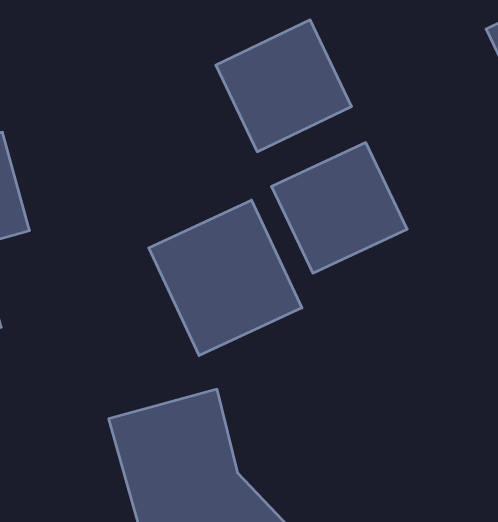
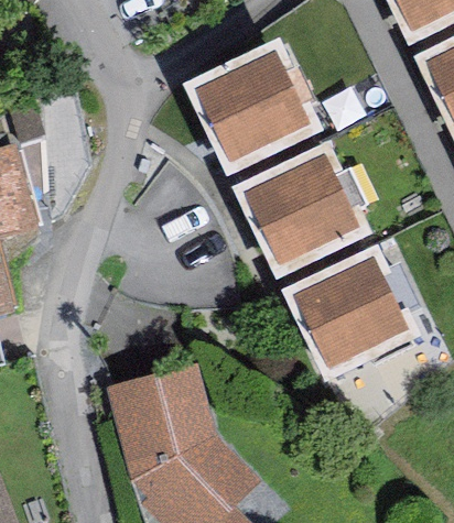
building: [149,200,302,356] -> none
building: none -> [292,258,408,369]

